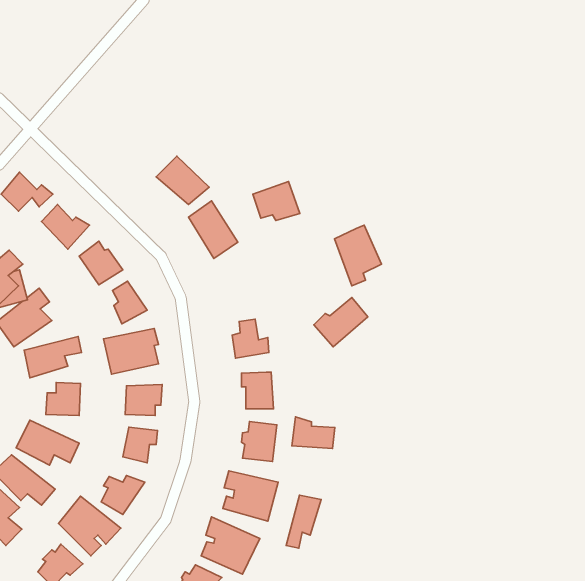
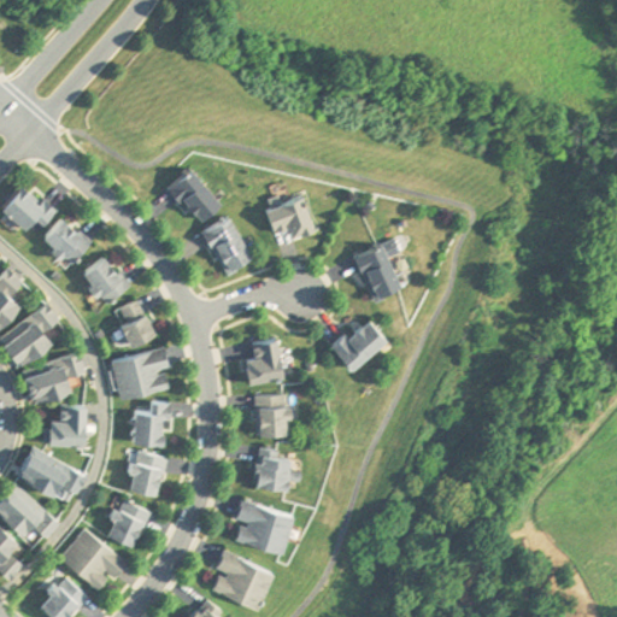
building: [292,417,335,448] -> none
building: [286,495,321,548] -> none

